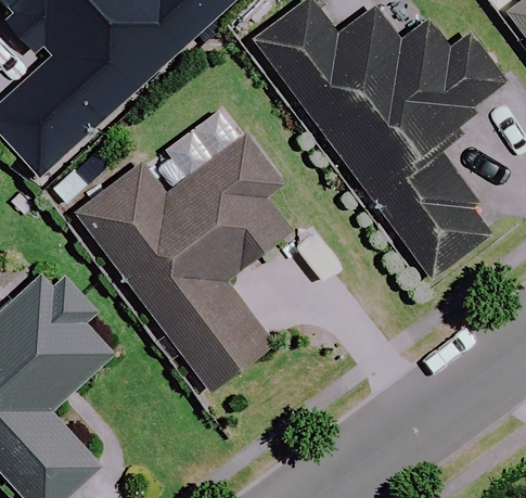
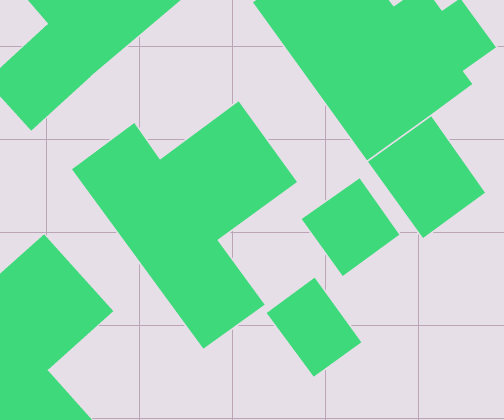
building: none -> [301,177,401,277]
building: none -> [265,277,363,378]

